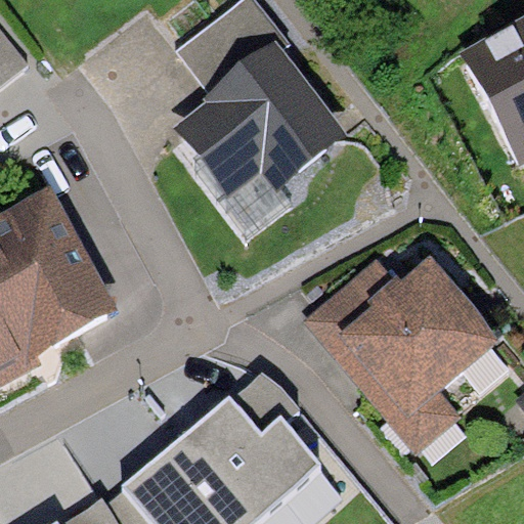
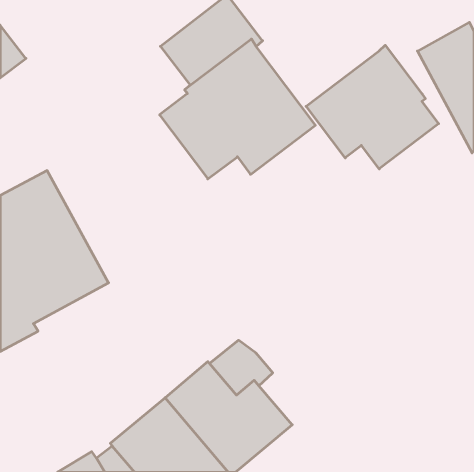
building: none -> [306,45,439,169]
building: [302,257,500,457] -> none

